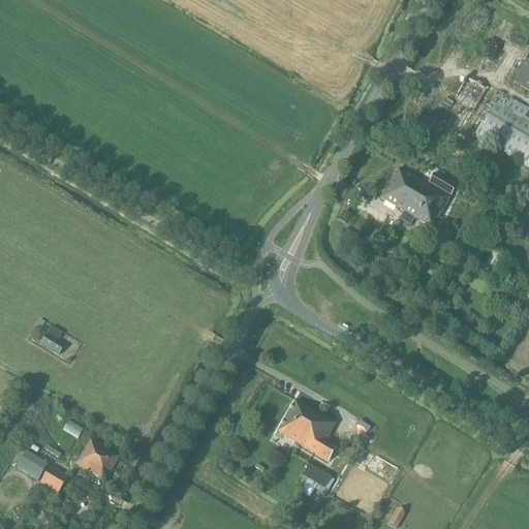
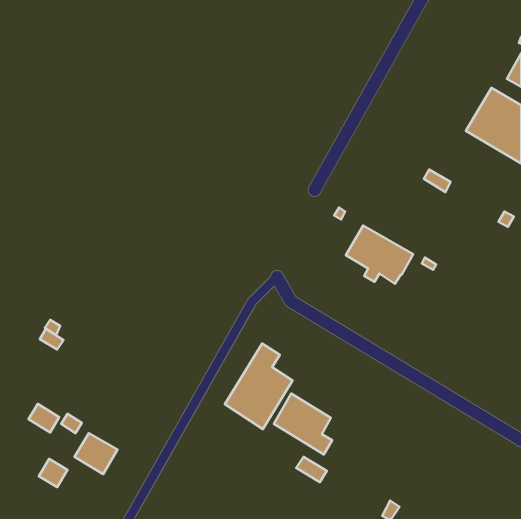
building: [380,167,448,226] -> [346,226,413,284]
building: none -> [225,343,293,429]
building: [15,450,46,479] -> [29,404,59,432]

